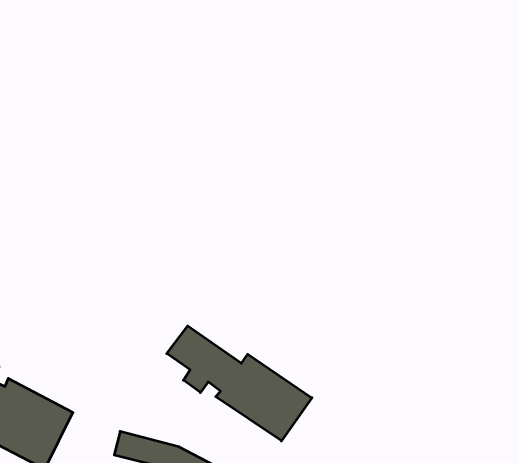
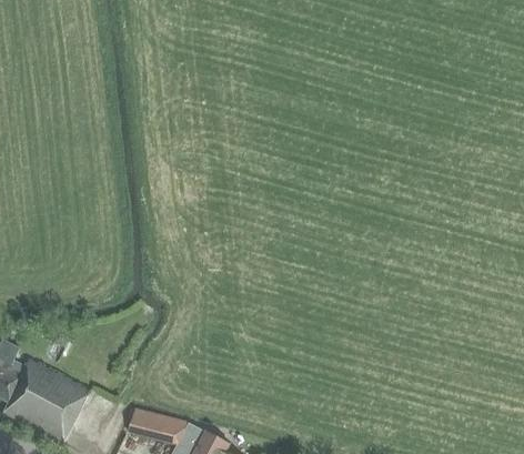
building: [167,326,312,441] -> none

